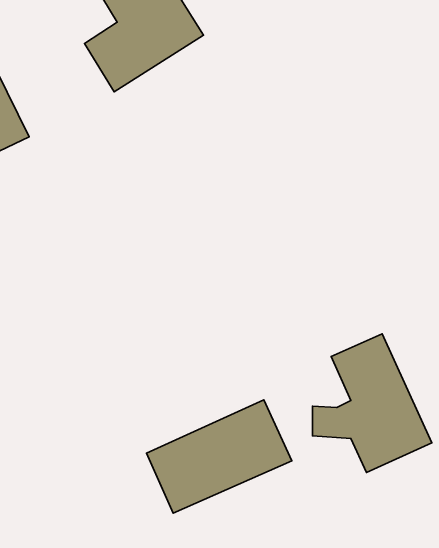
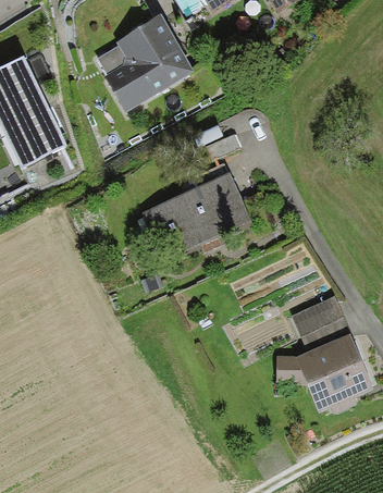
building: none -> [141,170,245,249]
building: [146,400,292,513] -> none

